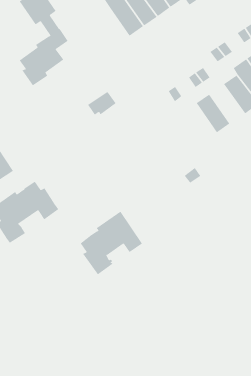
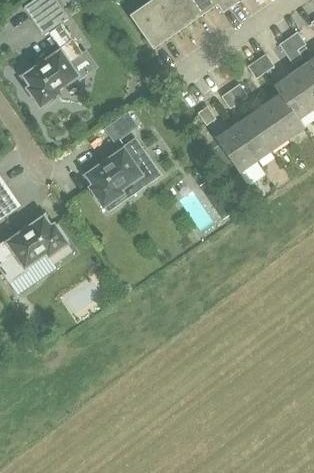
building: none -> [247,104,288,150]
building: none -> [215,126,255,172]
building: [80,211,143,275] -> [87,137,161,212]

